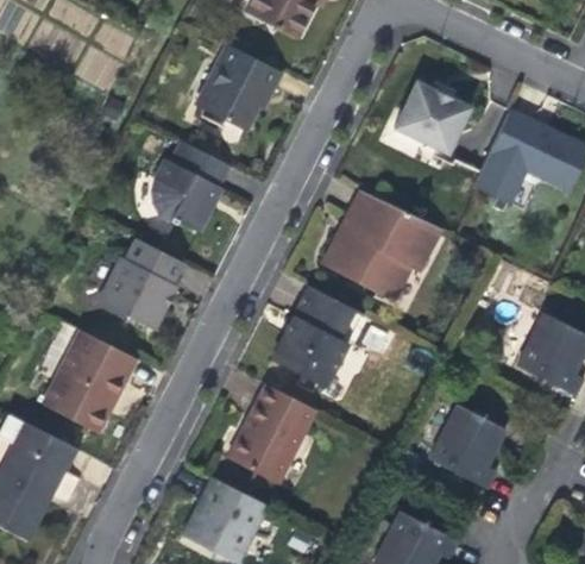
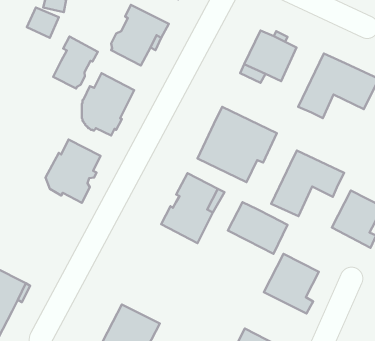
building: none -> [53,36,98,88]
building: none -> [271,151,344,216]
building: none -> [228,202,288,254]
building: [44,330,137,432] -> none
building: [228,384,316,483] -> none

